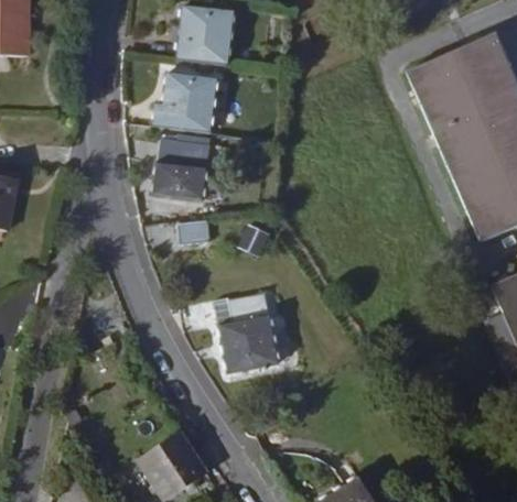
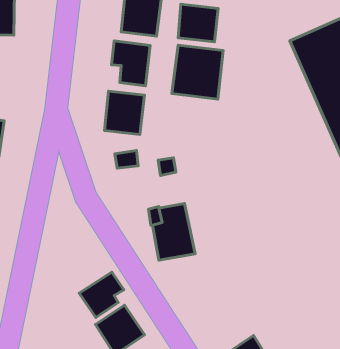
building: none -> [178,4,218,42]
building: none -> [172,45,223,99]
building: none -> [79,272,124,318]

